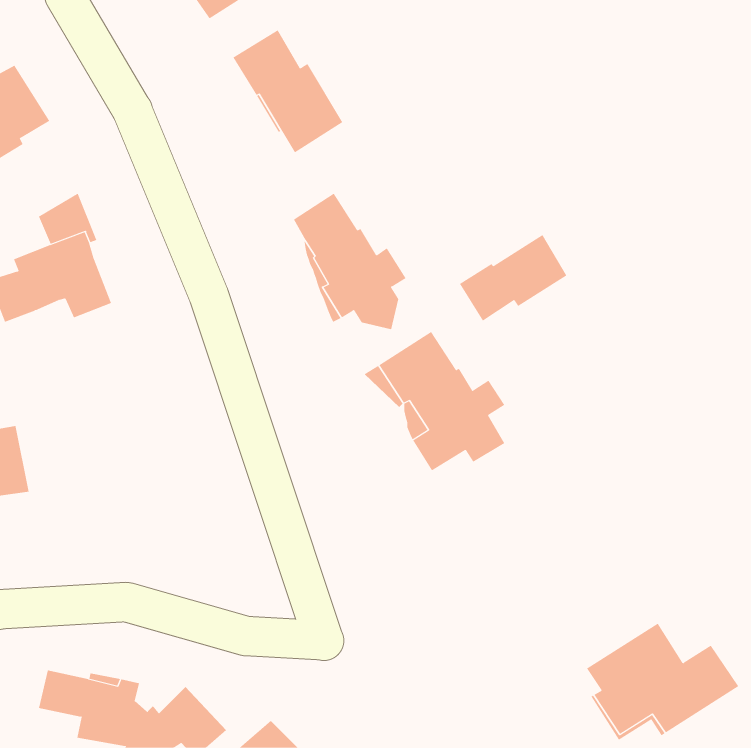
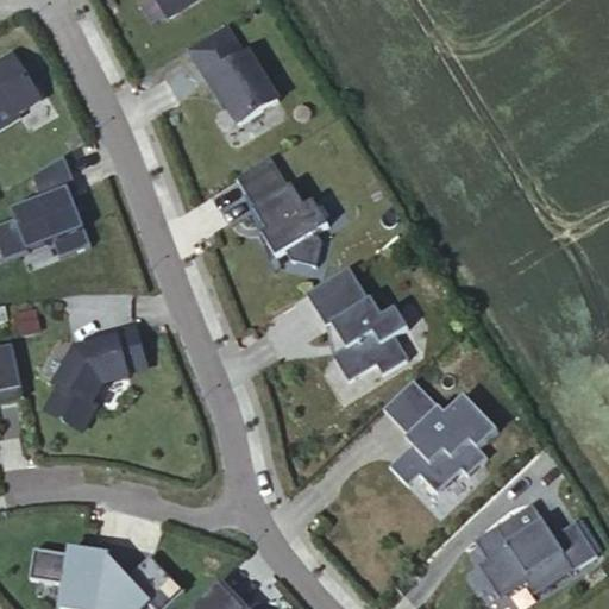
building: [459,234,567,321] -> none
building: none -> [46,326,146,428]
building: none -> [383,378,497,491]

